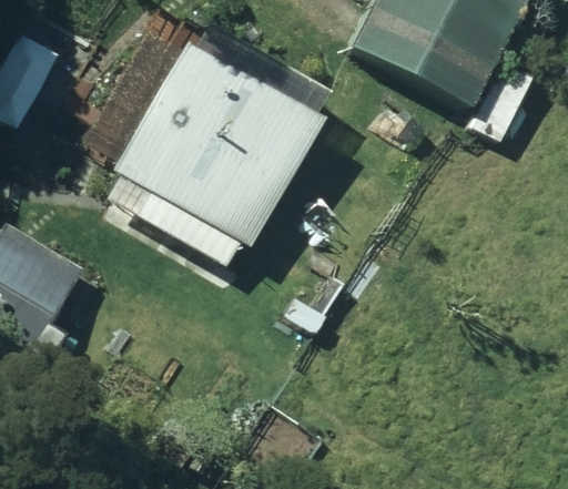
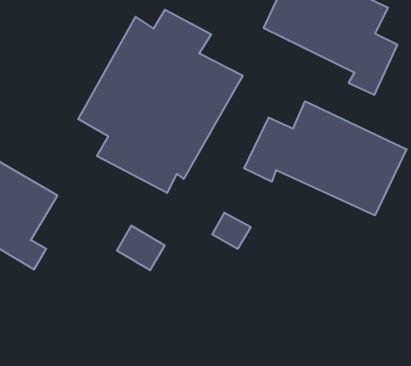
building: none -> [244,101,407,215]

